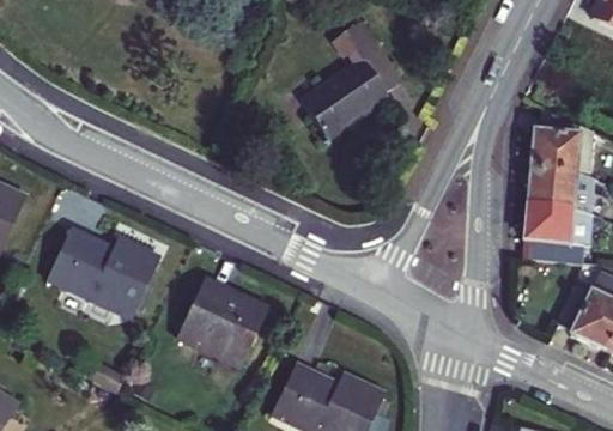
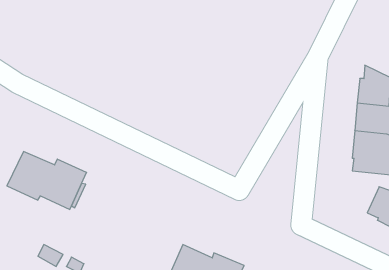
building: [296,19,399,142] -> none
building: [176,279,265,366] -> none

